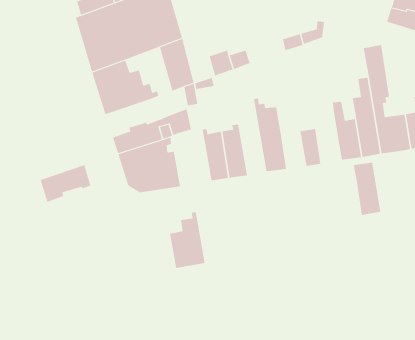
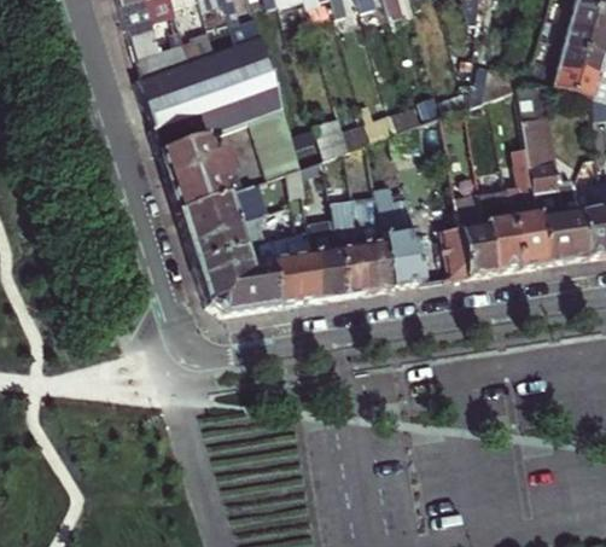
building: none -> [352,185,395,289]
building: none -> [415,229,448,280]
building: [353,162,381,215] -> [458,202,495,273]
building: [40,165,91,203] -> [180,187,249,238]
building: [169,212,205,269] -> [273,227,321,303]

